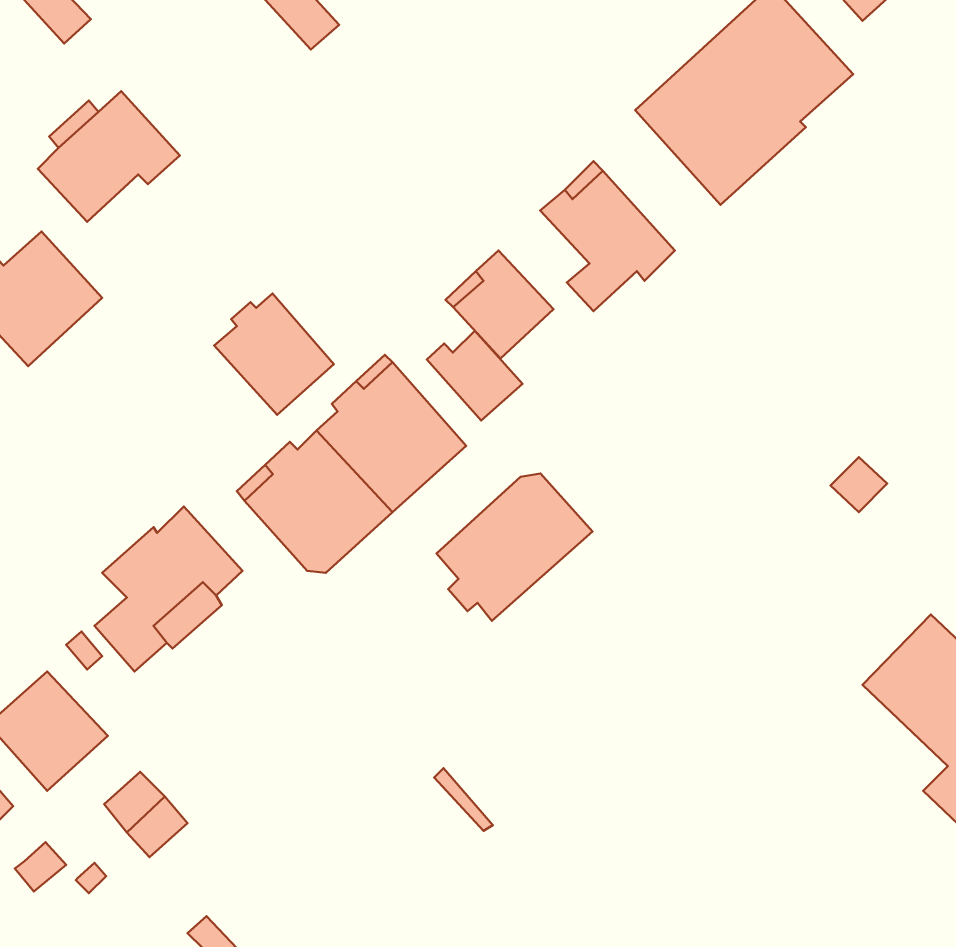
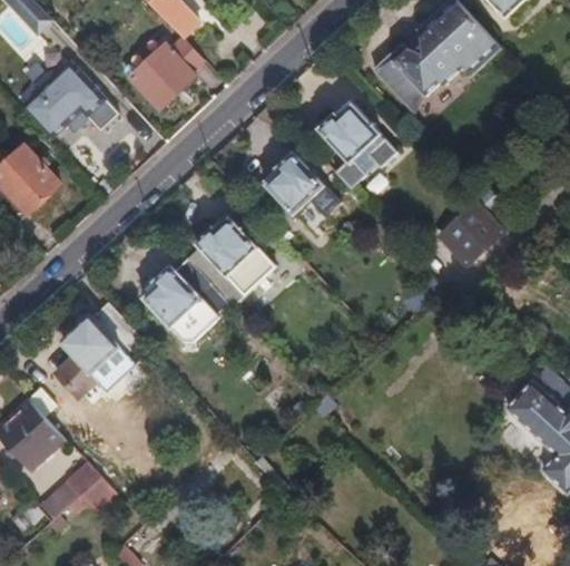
building: none -> [129,38,208,113]
building: [214,293,334,415] -> none
building: [427,331,522,421] -> none
building: none -> [444,207,502,264]
building: [436,474,593,621] -> none

